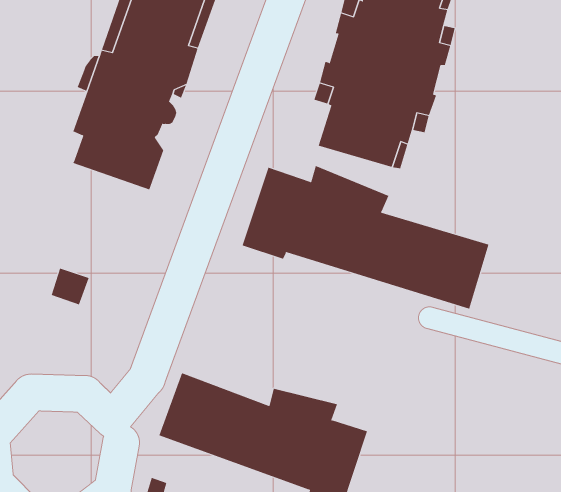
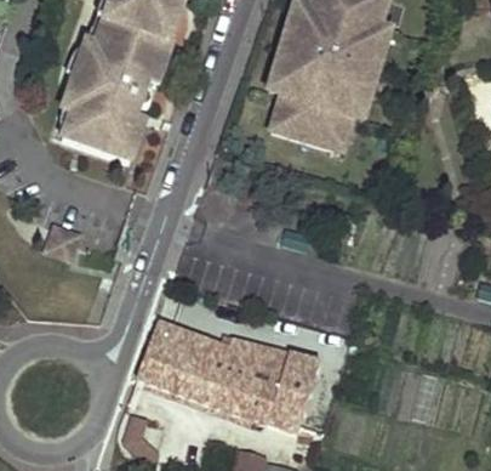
building: [242,165,489,309] -> none

